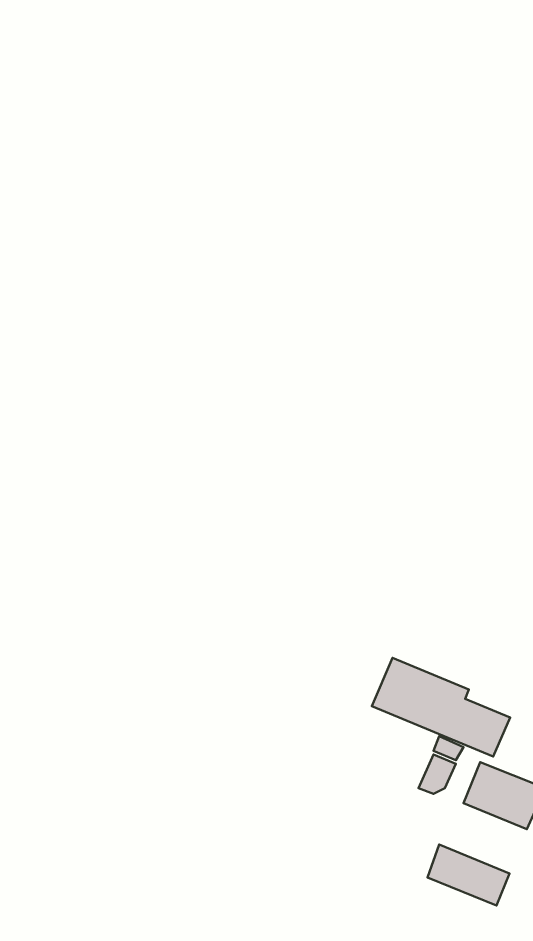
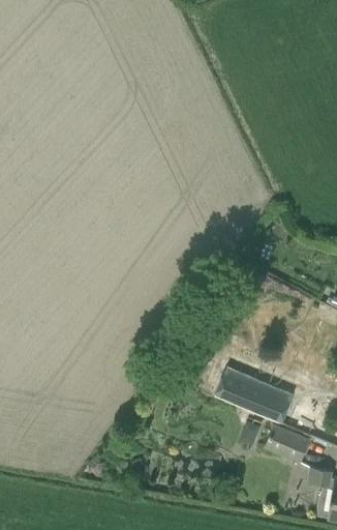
building: [428,844,509,906] -> none

